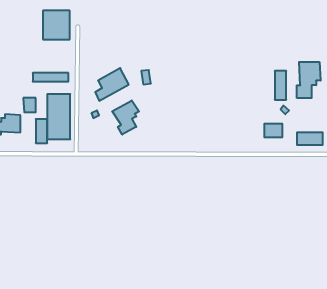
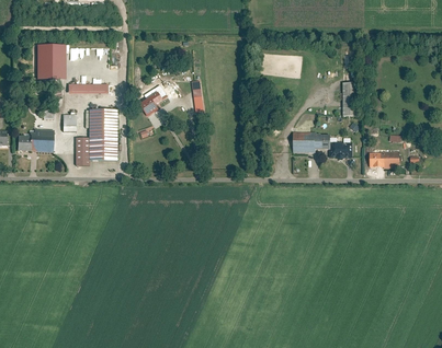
building: [43,11,70,39] -> [36,46,67,79]
building: [297,62,321,98] -> none
building: [112,100,139,135] -> none
building: none -> [295,132,332,153]

